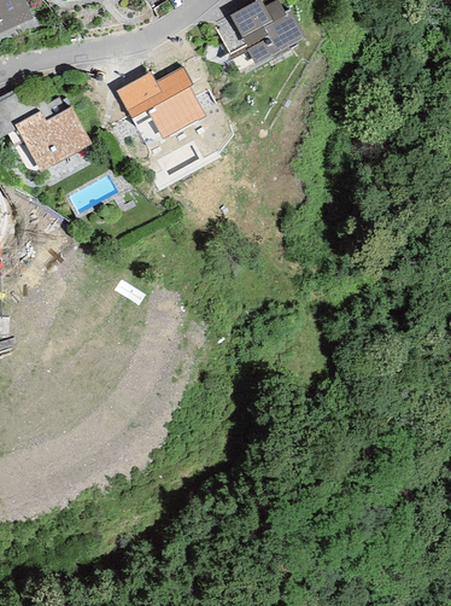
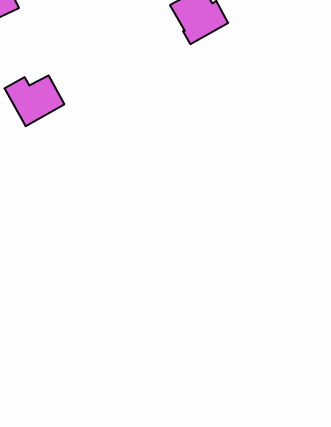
building: [116,66,204,138] -> none

